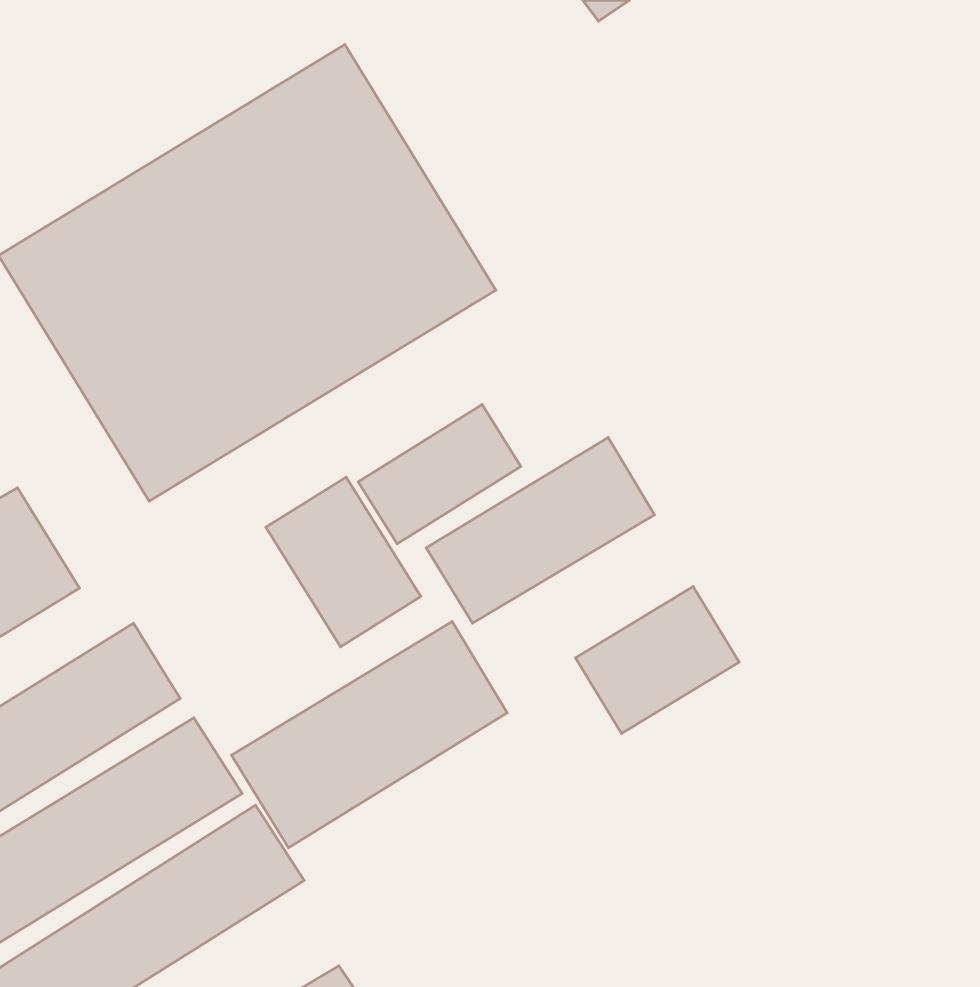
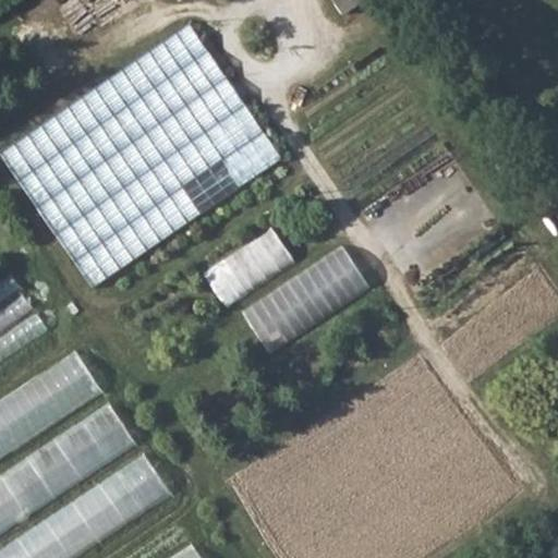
building: [266,477,421,647] -> none
building: [576,586,739,734] -> none
building: [232,621,507,848] -> none

